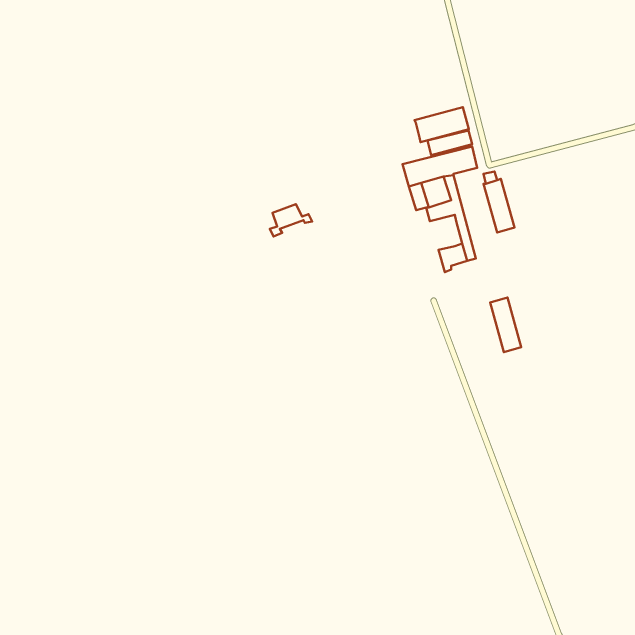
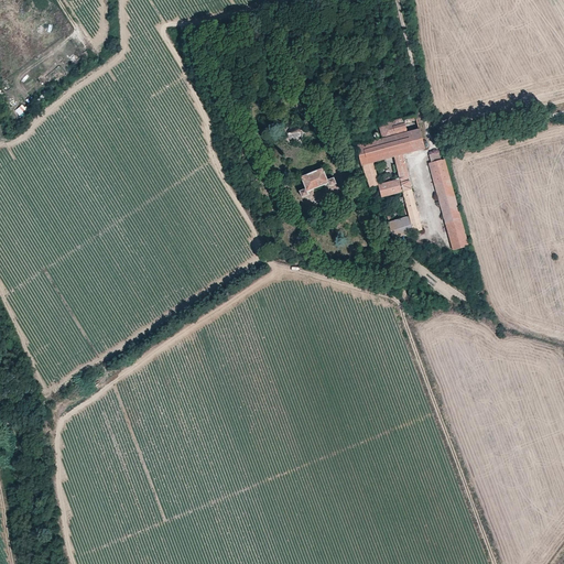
building: [415,107,469,142] -> none
building: [270,204,312,236] -> [299,169,336,197]
building: [490,297,521,352] -> [441,202,468,250]

